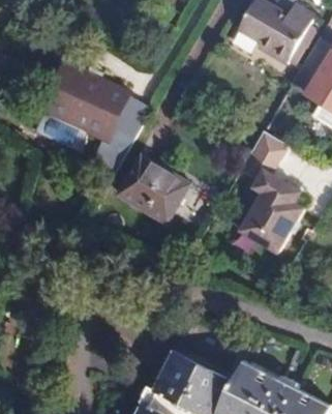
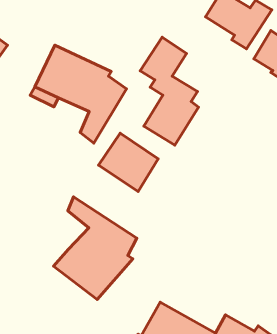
building: [227,128,293,252] -> [140,37,198,145]
building: none -> [53,197,137,300]

